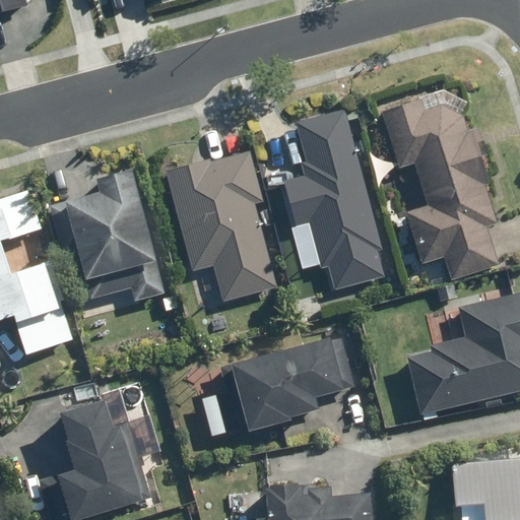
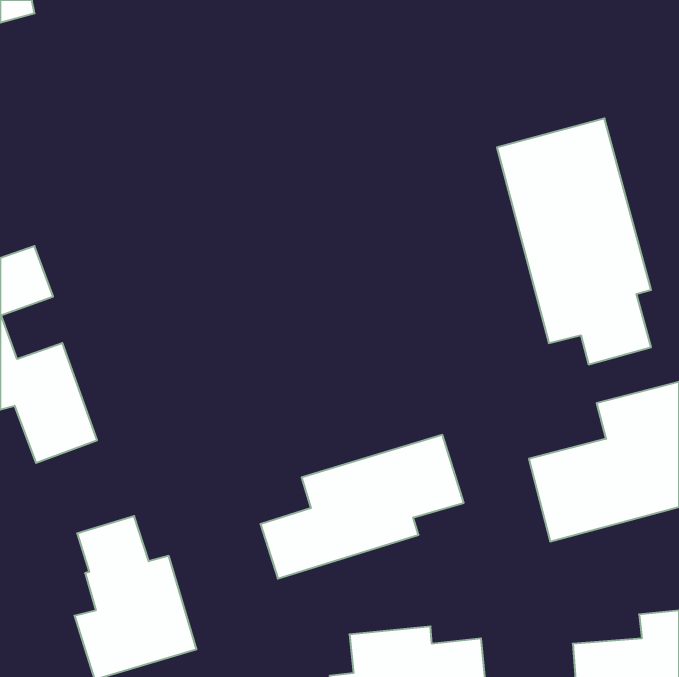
building: [281,111,389,292] -> none
building: [165,146,278,304] -> none
building: [64,167,166,304] -> none

